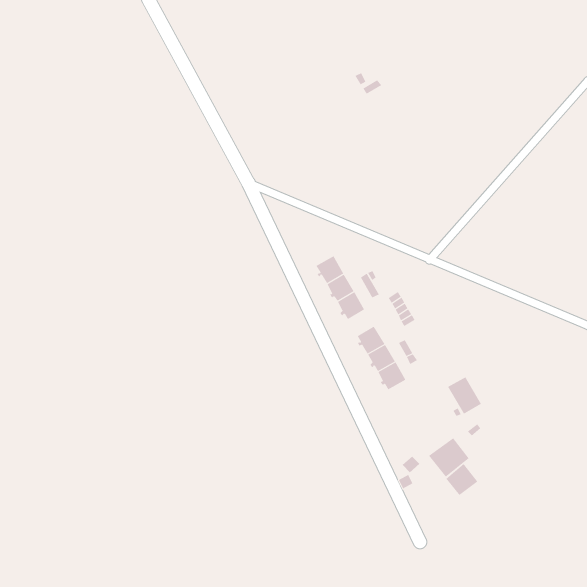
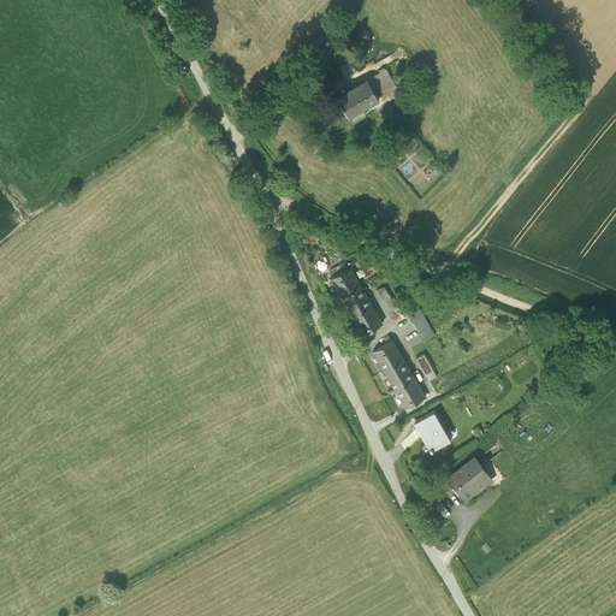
building: none -> [337,77,379,119]
building: [447,376,482,414] -> [415,411,451,451]
building: [446,463,478,496] -> none

